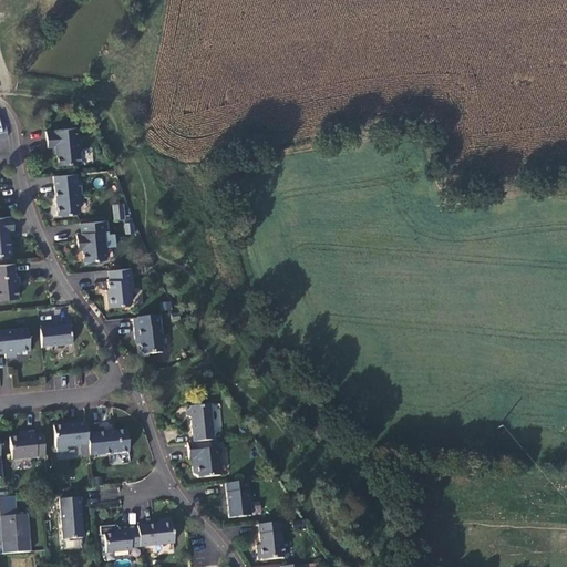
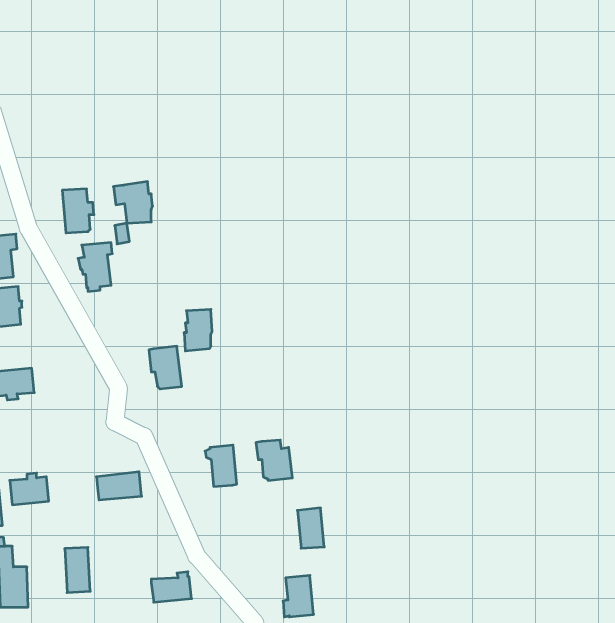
building: [50,124,85,162] -> [113,182,153,223]
building: [107,267,133,305] -> [184,309,212,351]
building: [40,323,72,346] -> none
building: [54,421,89,451] -> none
building: [188,441,221,477] -> [256,440,292,480]
building: [228,481,252,517] -> [297,508,324,548]
building: [104,529,140,553] -> none

